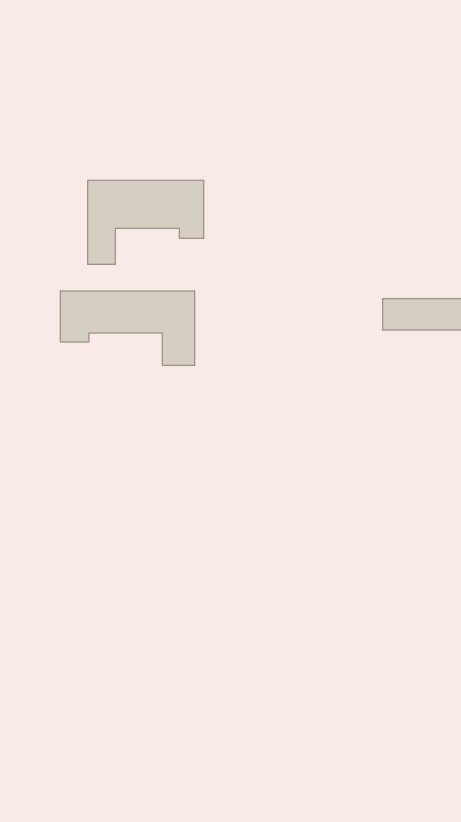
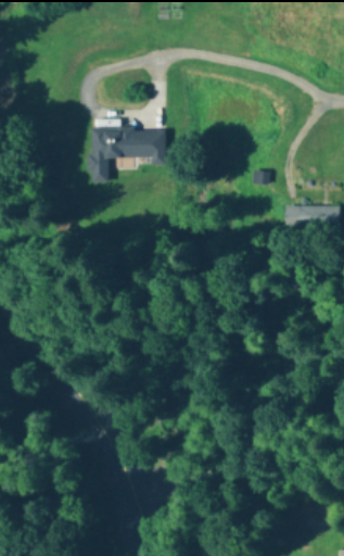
building: [60,291,195,366] -> none

